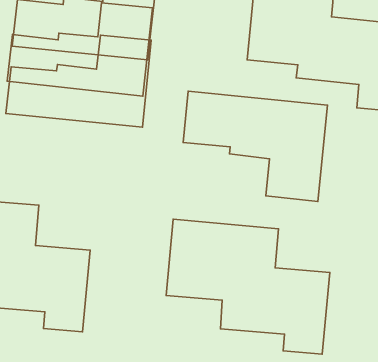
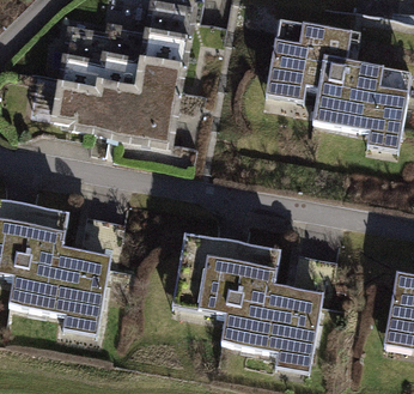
building: [183,91,327,202] -> none

